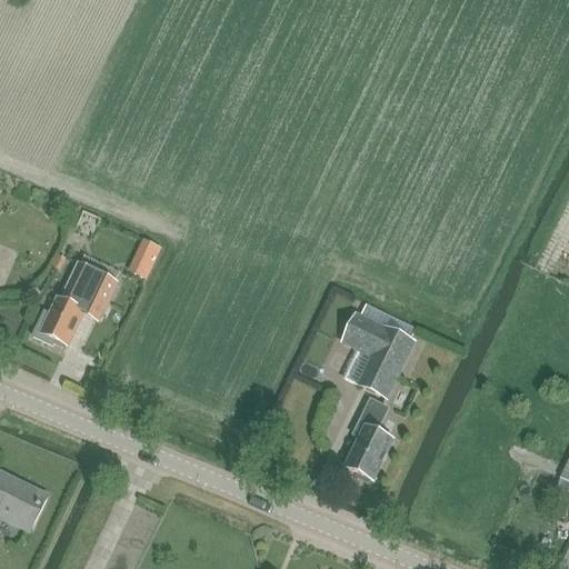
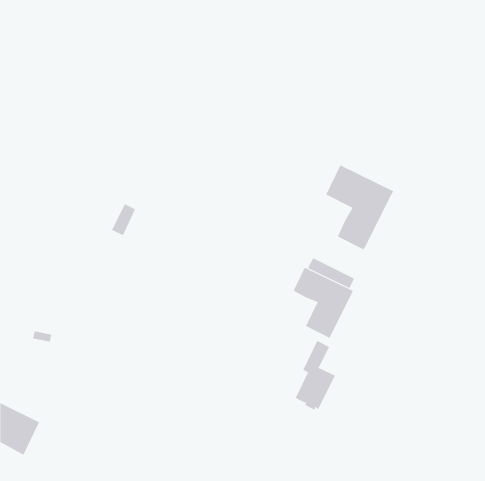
building: none -> [325,165,394,250]
building: [31,262,116,343] -> none

